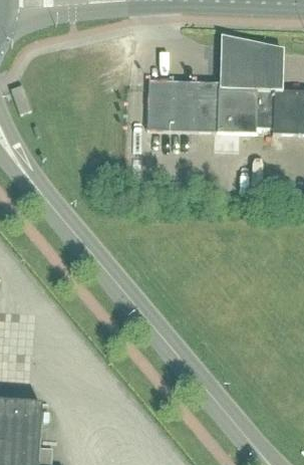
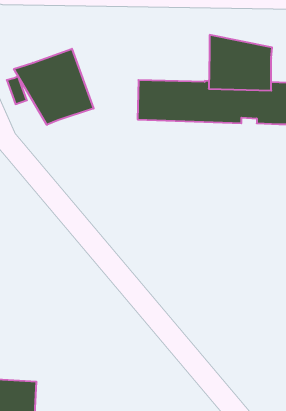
building: none -> [14,49,94,125]

